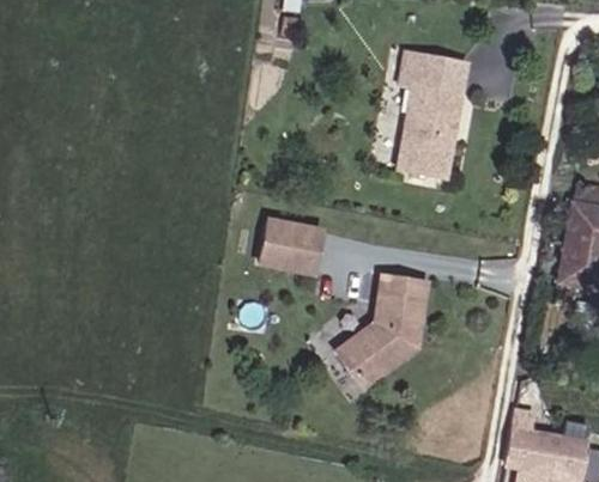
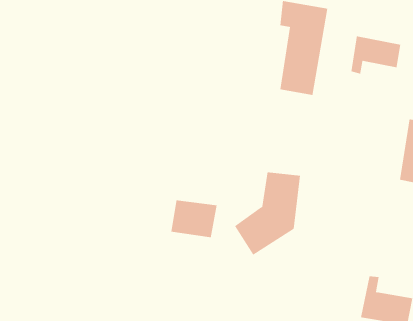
building: none -> [351,35,401,74]
building: [255,220,319,271] -> [171,200,218,238]

